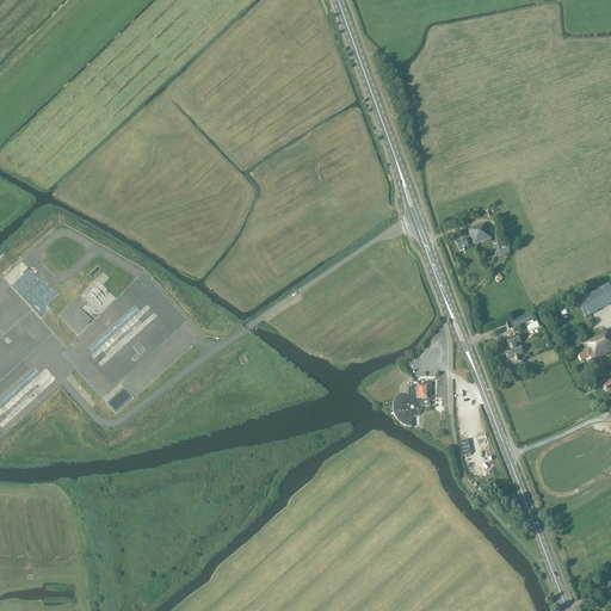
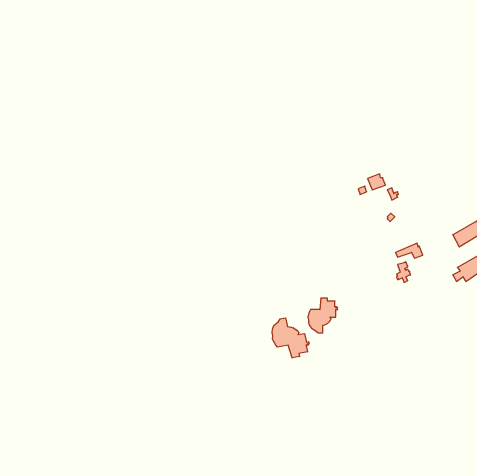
building: none -> [272,318,309,358]

